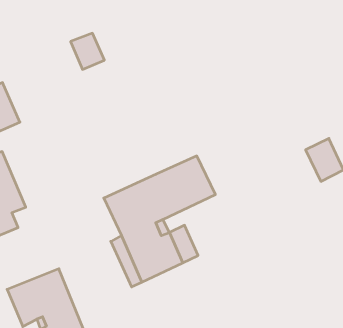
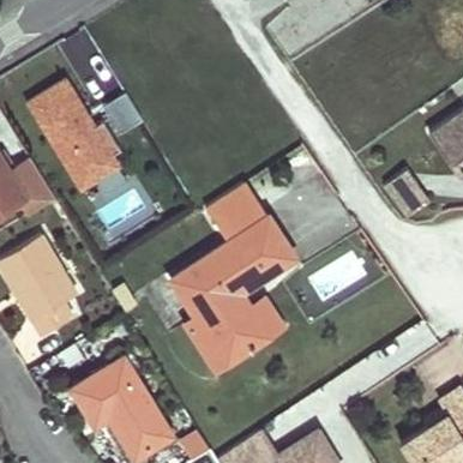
building: none -> [26,79,119,187]
building: none -> [200,181,261,237]

